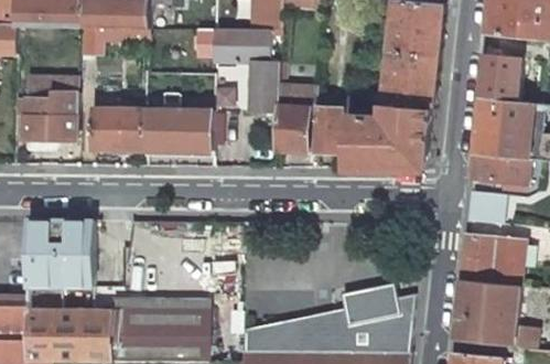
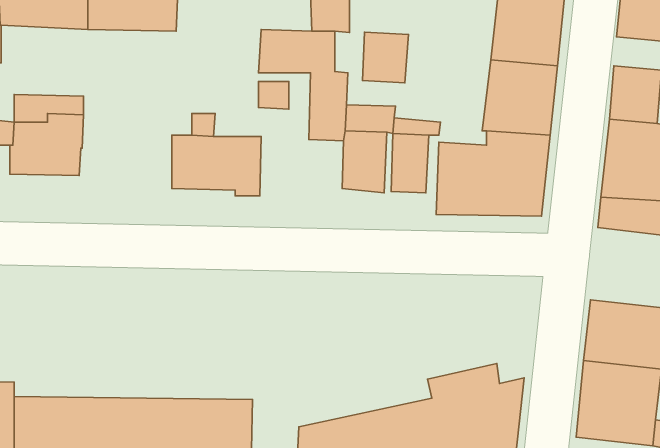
building: [79,28,148,54] -> none
building: none -> [363,32,408,83]
building: [90,108,144,149] -> none
building: [465,192,500,224] -> none
building: [25,220,91,287] -> none

